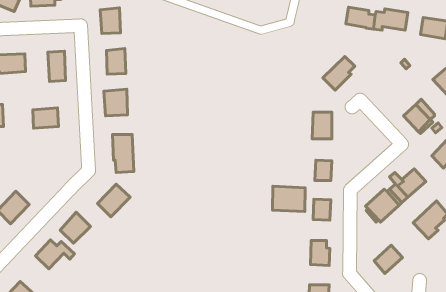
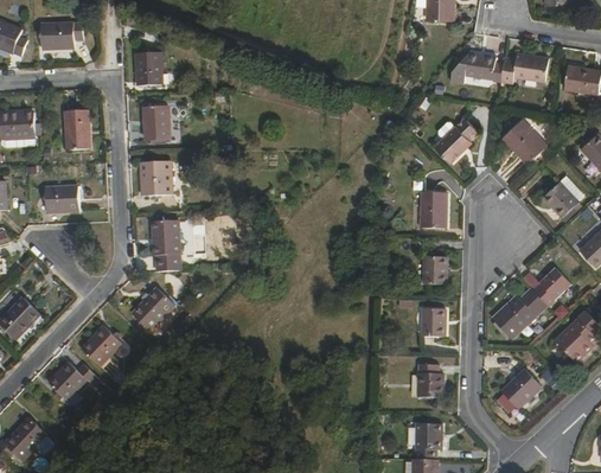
building: none -> [501,119,544,161]
building: [272,186,305,211] -> none

